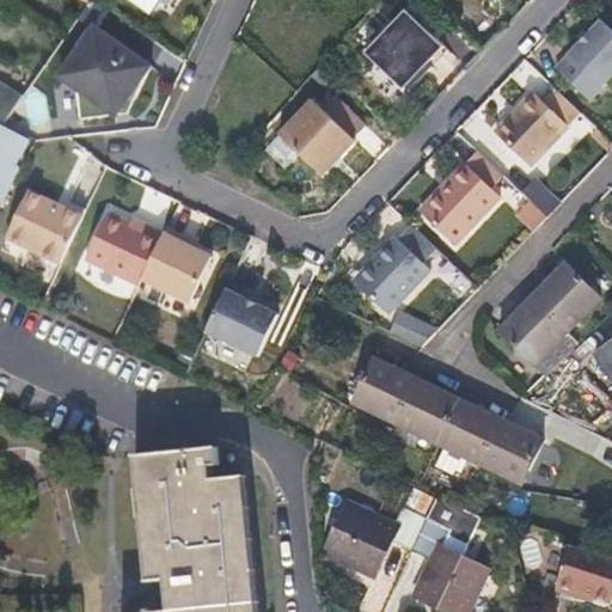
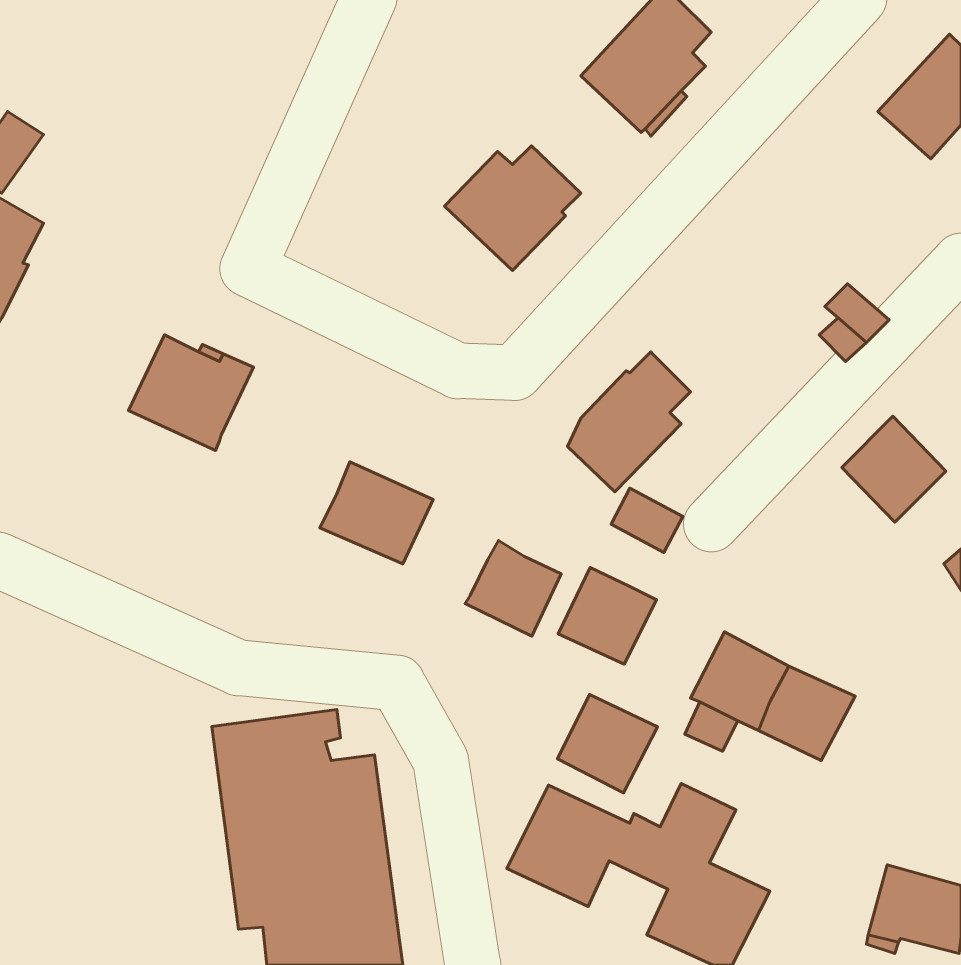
building: [59,25,148,117] -> none
building: [495,90,580,167] -> none
building: [418,151,501,241] -> none
building: [6,183,82,256] -> none
building: [139,227,209,300] -> none
building: [497,295,565,363] -> none
building: none -> [465,541,561,636]
building: [394,379,458,441] -> [557,695,658,793]

